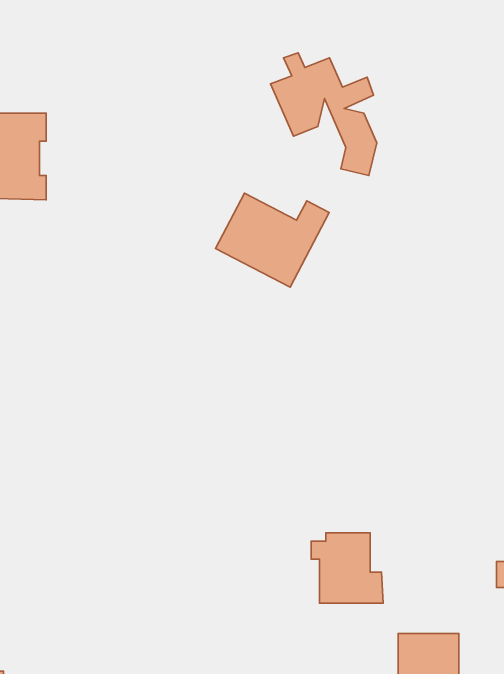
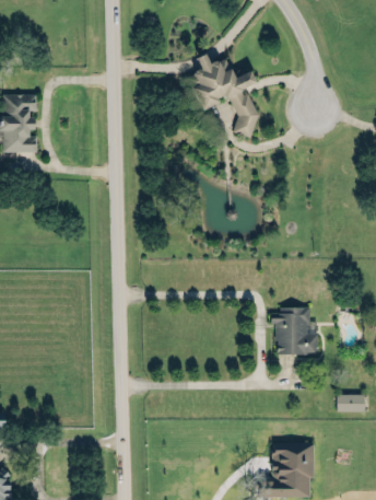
building: [216,193,329,287] -> none
building: [311,533,383,603] -> [271,307,319,354]

